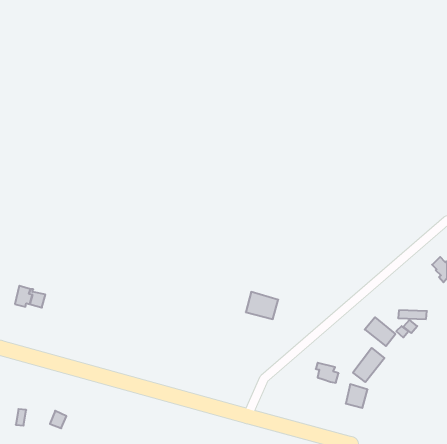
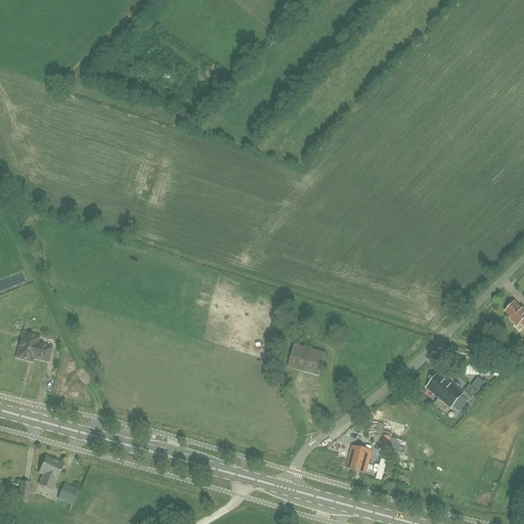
building: [353,348,384,382] -> none
building: [346,384,368,408] -> [346,443,372,471]
building: none -> [38,454,63,488]

